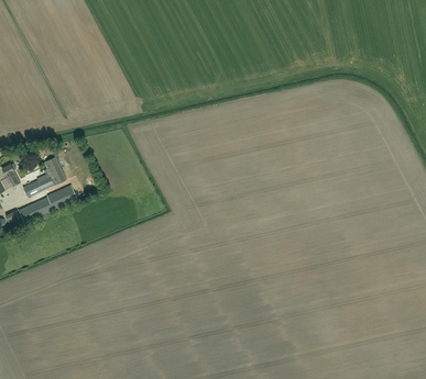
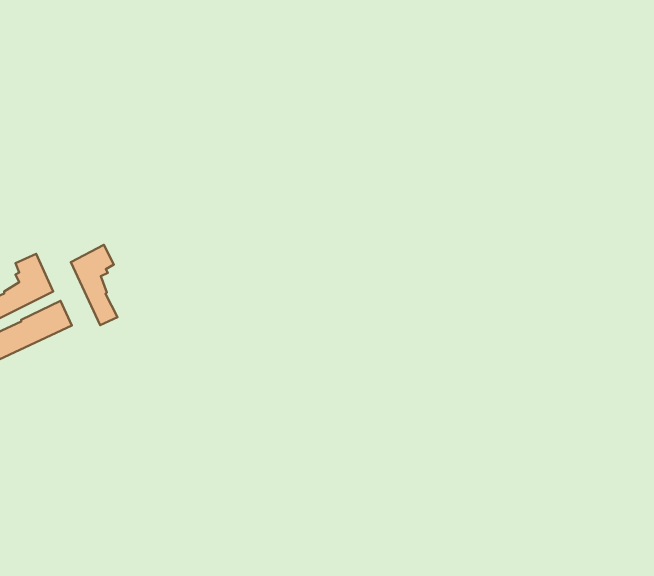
building: none -> [71,245,117,325]

